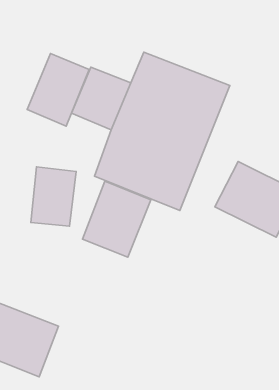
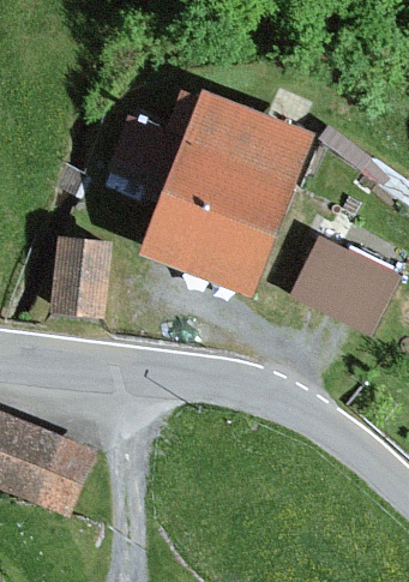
building: [27,53,89,126] -> none
building: [83,181,151,257] -> none

